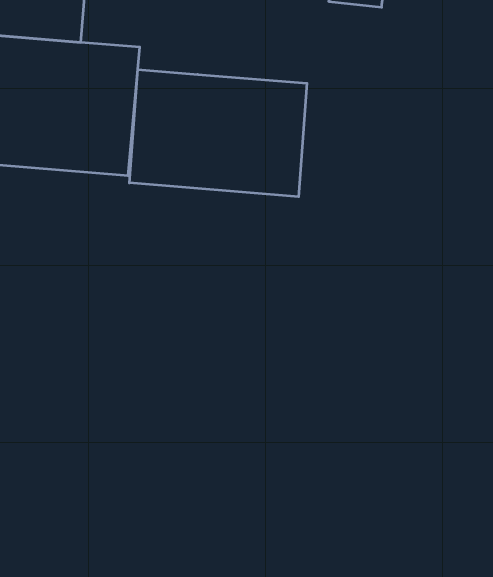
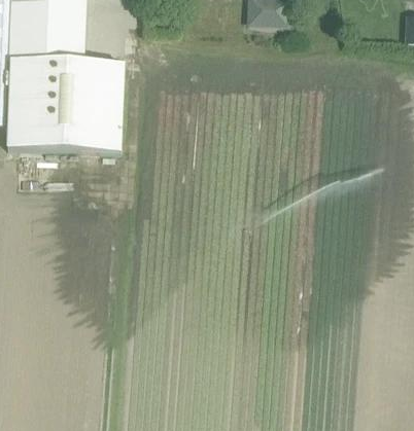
building: [129,69,307,197] -> none

